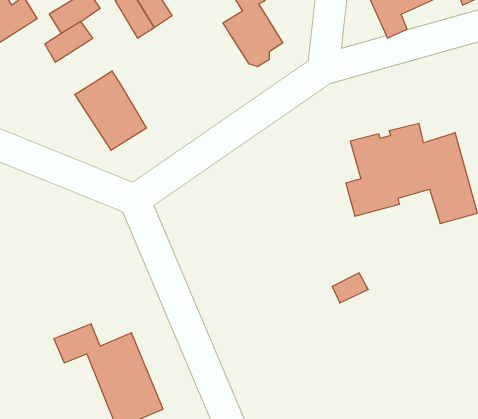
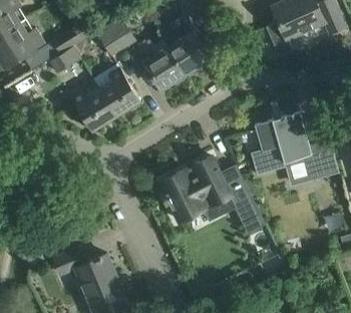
building: none -> [138,46,185,88]
building: none -> [98,67,139,116]
building: none -> [159,156,251,222]

